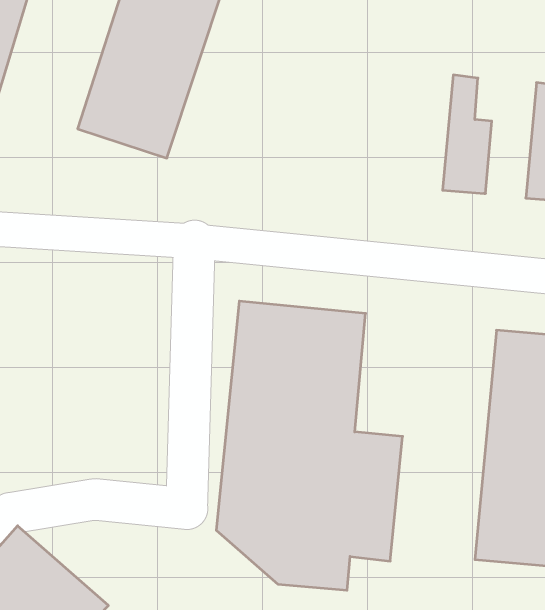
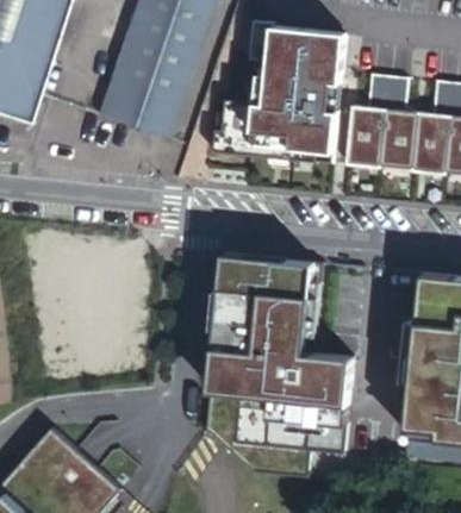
building: none -> [213,23,344,162]
building: none -> [348,74,390,164]
building: none -> [415,80,454,170]

